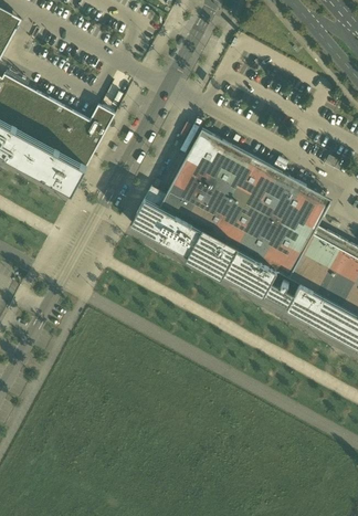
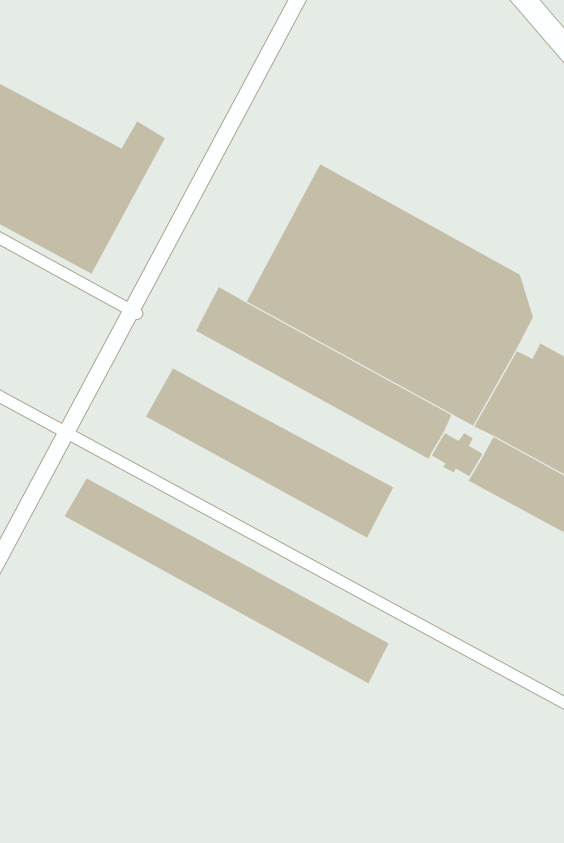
building: none -> [145,367,394,538]
building: none -> [64,477,390,684]

